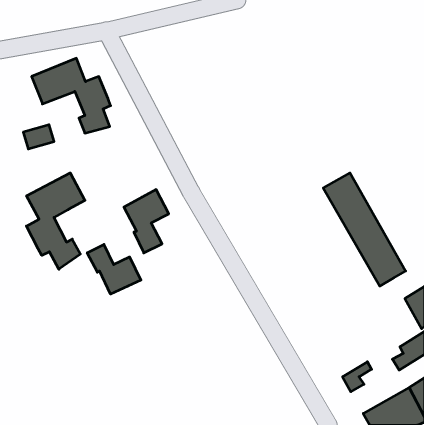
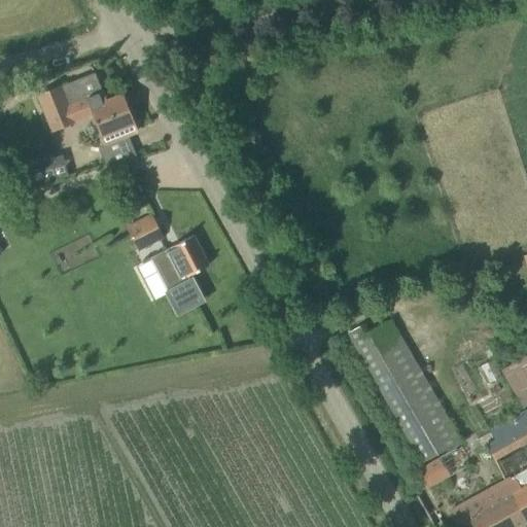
building: [26,173,85,269] -> none
building: [323,173,406,286] -> [354,322,456,462]
building: none -> [128,214,164,249]
building: [87,244,141,294] -> none

